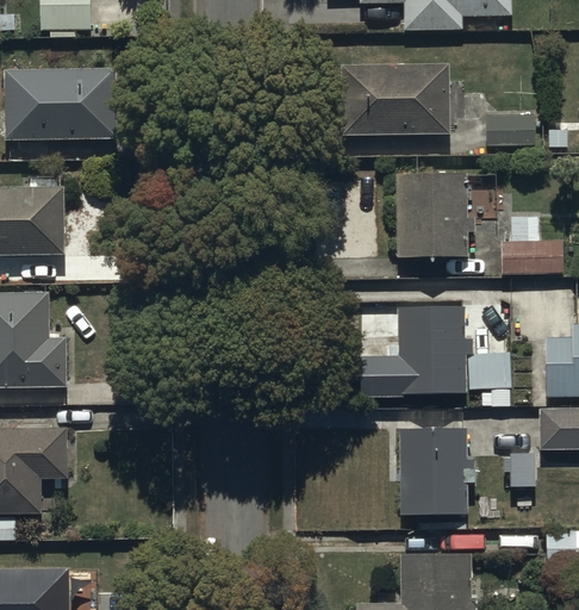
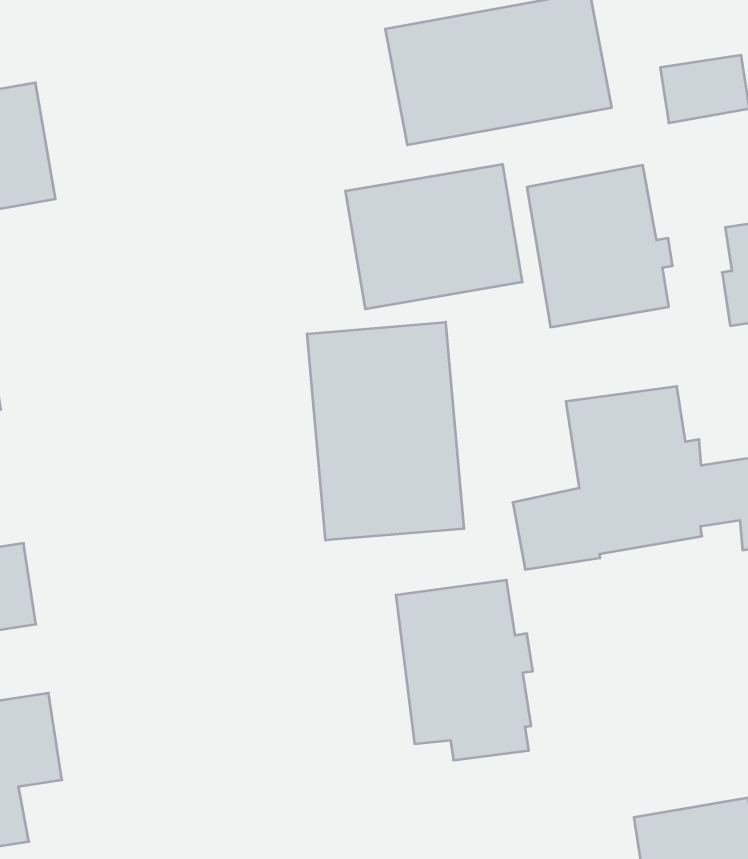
building: none -> [346,164,522,309]
building: none -> [307,322,464,540]
building: [398,427,474,530] -> [396,580,533,760]

